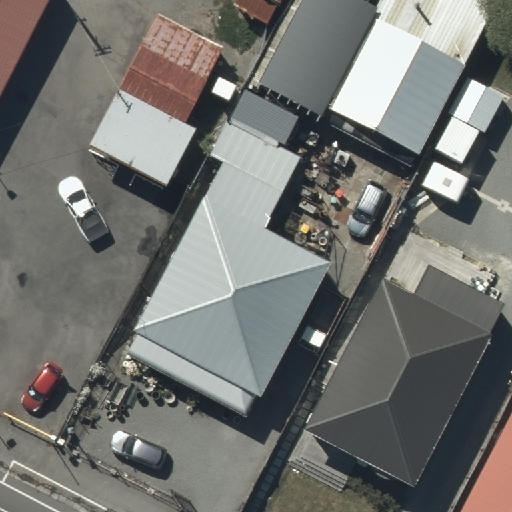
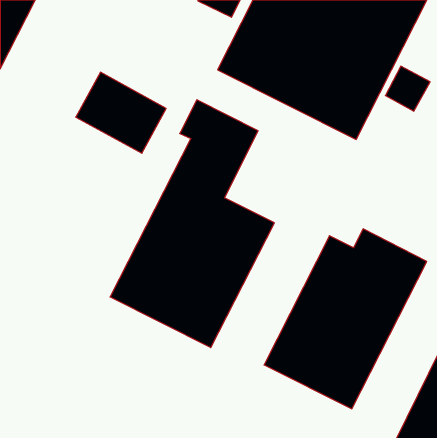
building: [122,13,222,115] -> none

